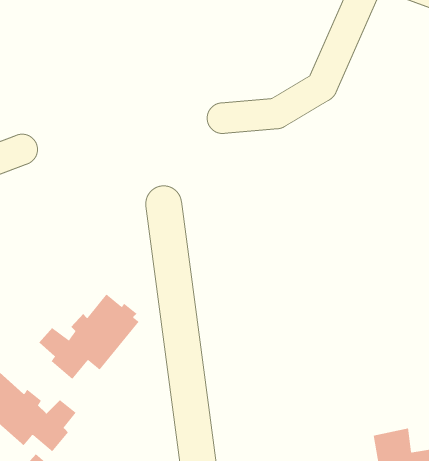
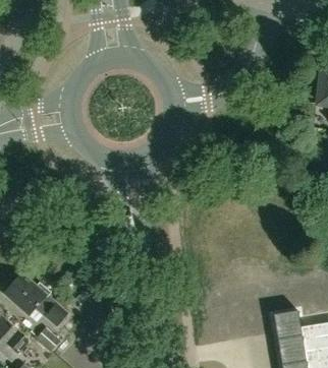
building: [38,294,139,380] -> none

